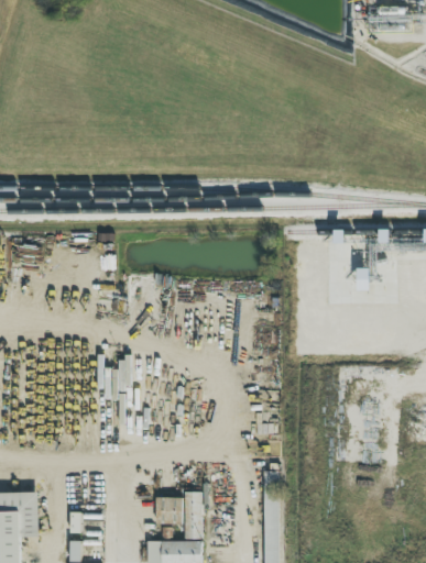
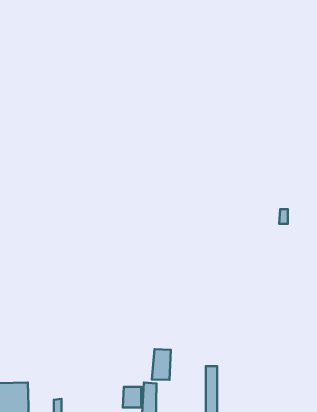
building: none -> [152,349,171,380]

